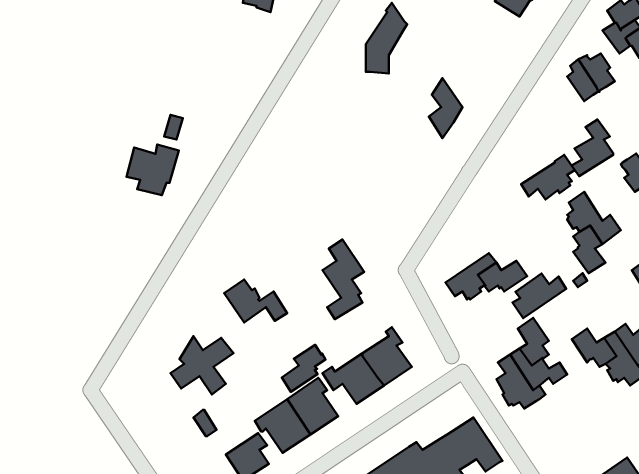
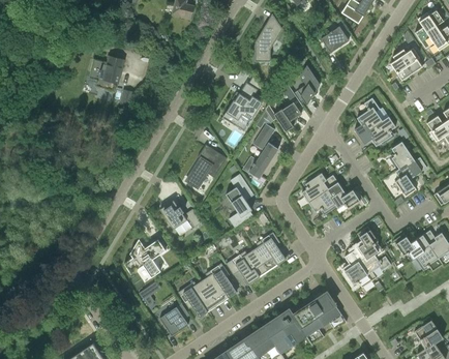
building: none -> [320,26,349,53]
building: none -> [222,74,262,130]
building: [572,119,613,176] -> [354,97,382,136]
building: none -> [273,95,301,131]
building: [126,144,179,195] -> [88,56,123,90]
building: none -> [248,123,278,178]
building: none -> [186,146,227,188]
building: [512,273,566,318] -> [301,172,337,202]
building: [282,345,326,392] -> none

